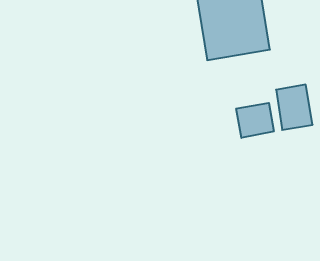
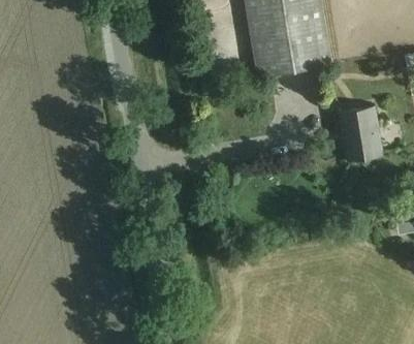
building: [236,103,274,138] -> none

